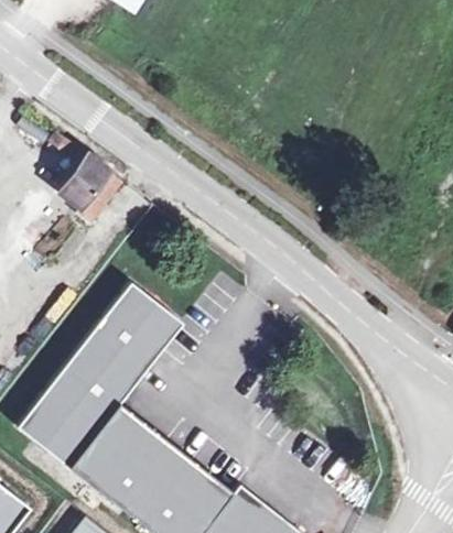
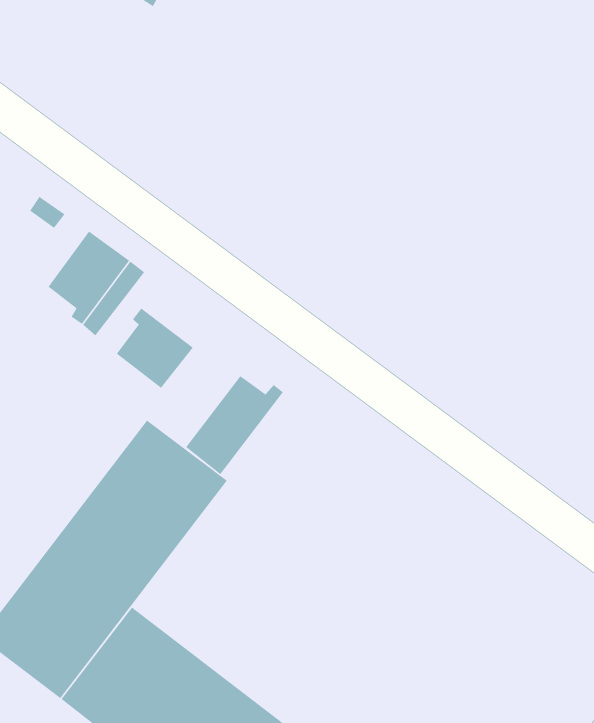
building: none -> [116,308,194,389]
building: none -> [185,375,284,475]

